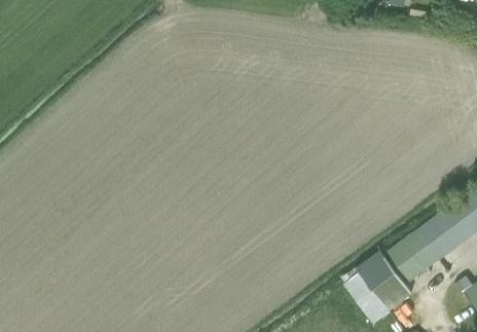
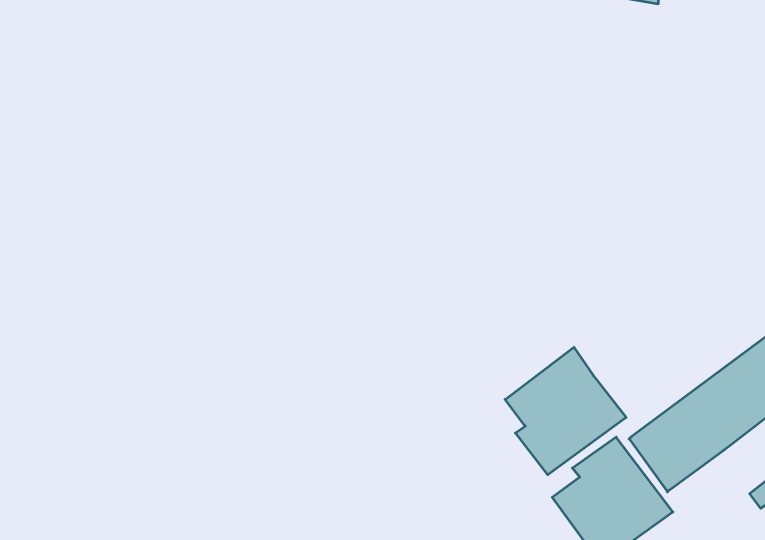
building: none -> [505,347,626,475]

